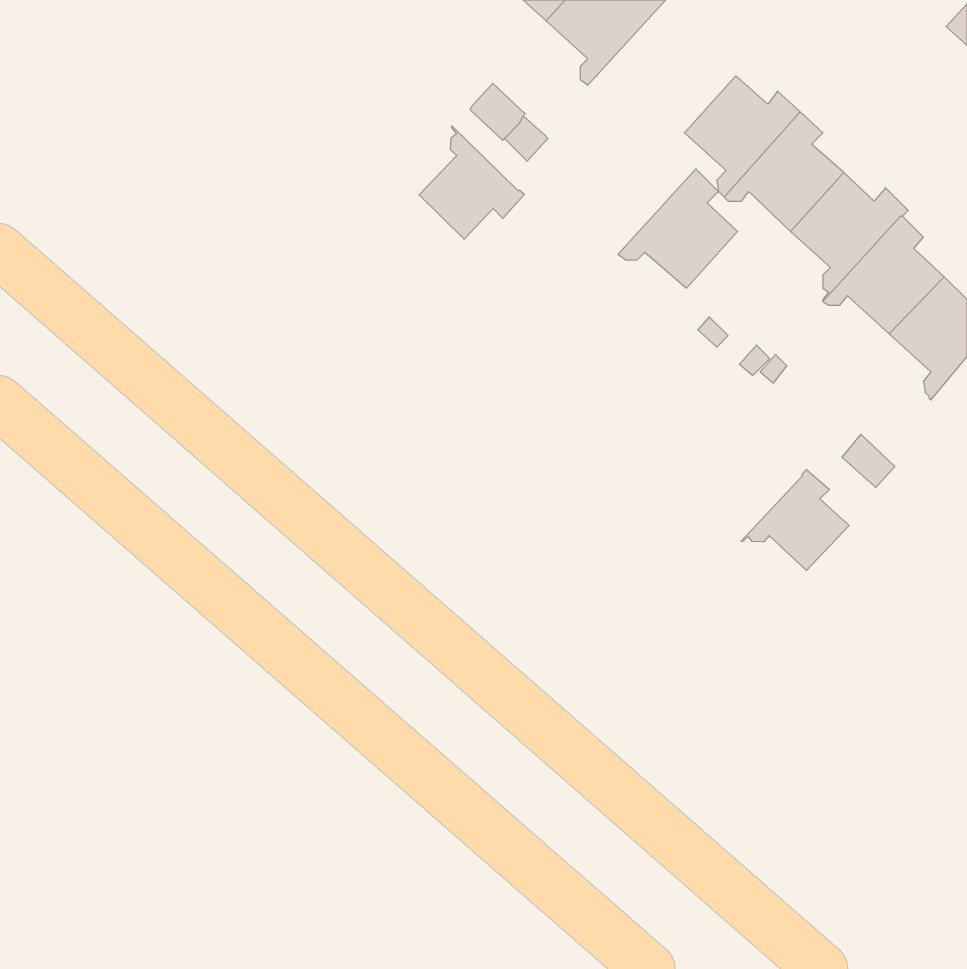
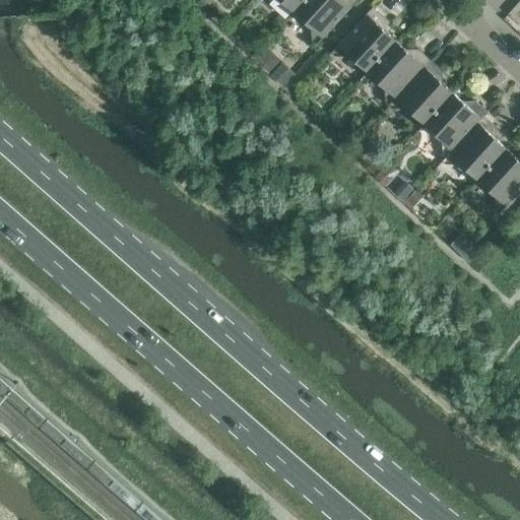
building: [419,126,524,239] -> none
building: [618,169,738,288] -> [330,7,394,71]
building: [741,469,849,570] -> none

